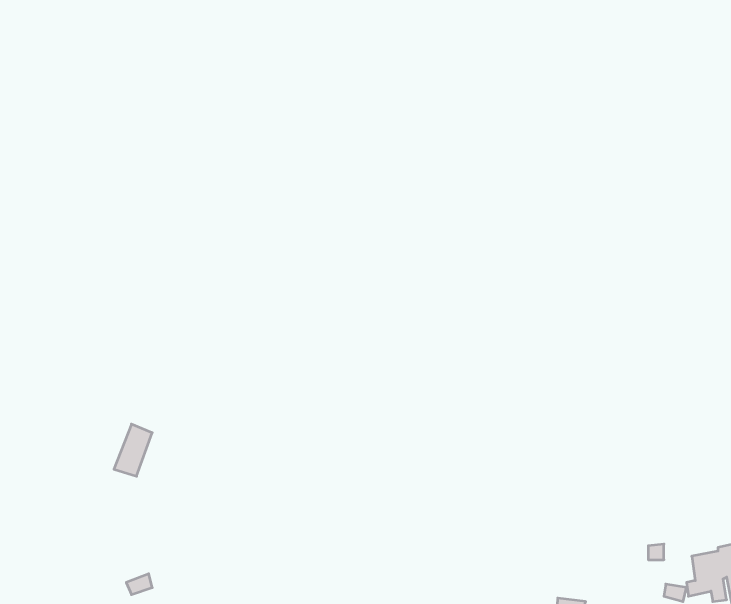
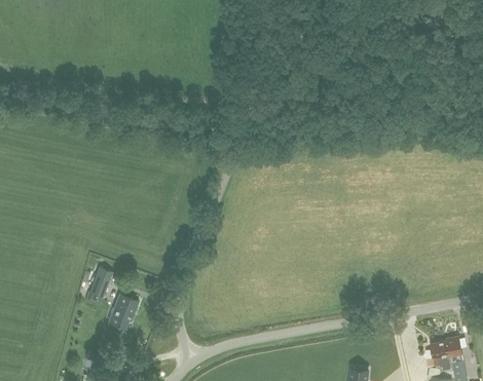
building: none -> [108,293,138,332]

